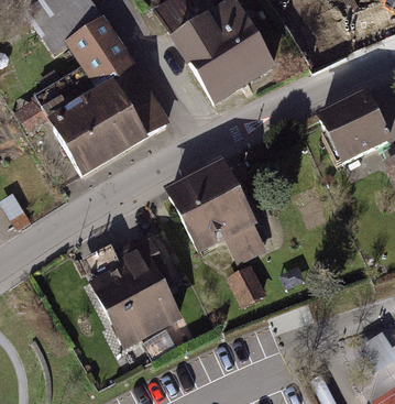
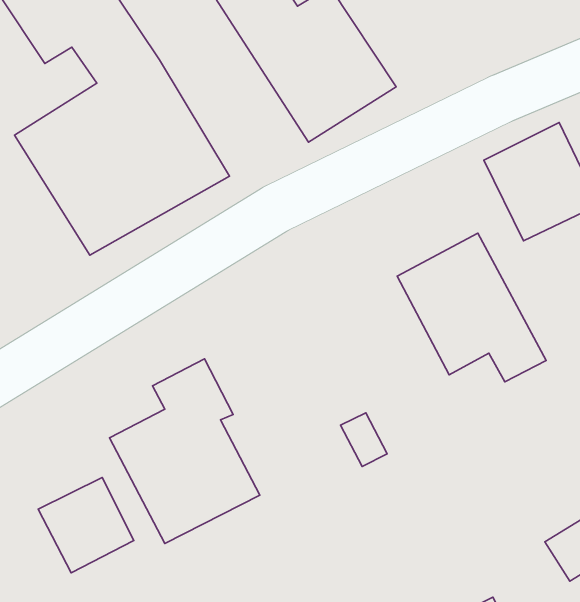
building: [171,164,262,255] -> [397,233,546,382]
building: none -> [38,477,134,573]

